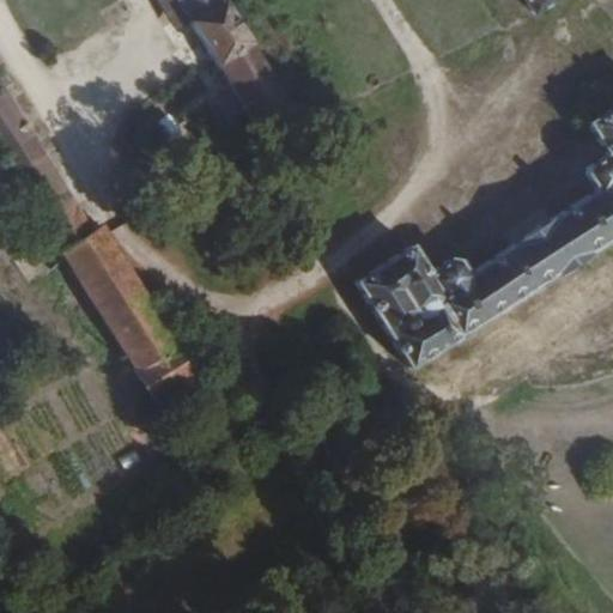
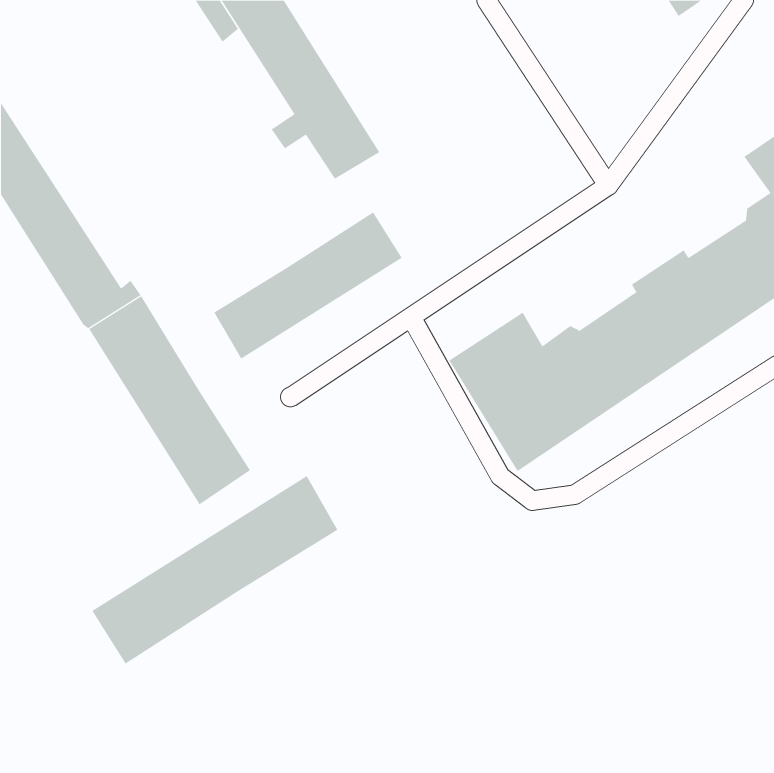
building: none -> [214,211,403,359]
building: none -> [91,475,338,665]

